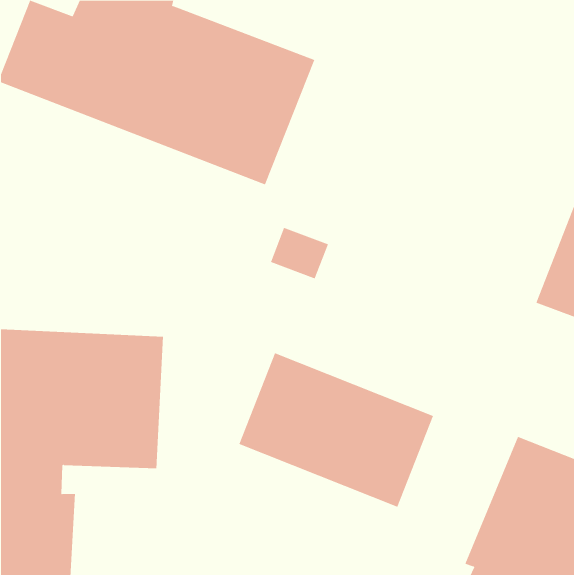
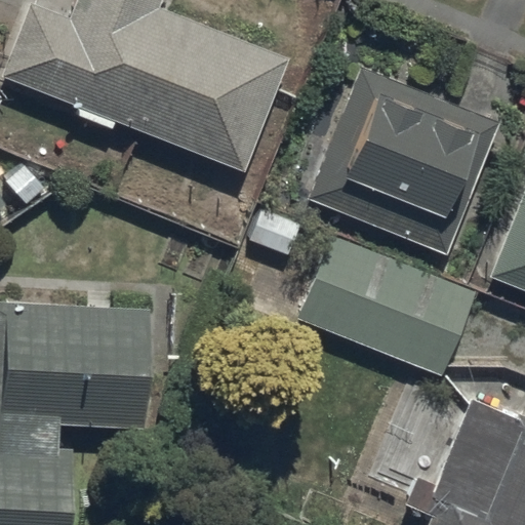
building: none -> [309,68,499,254]
building: [238,353,434,507] -> [298,236,476,376]

